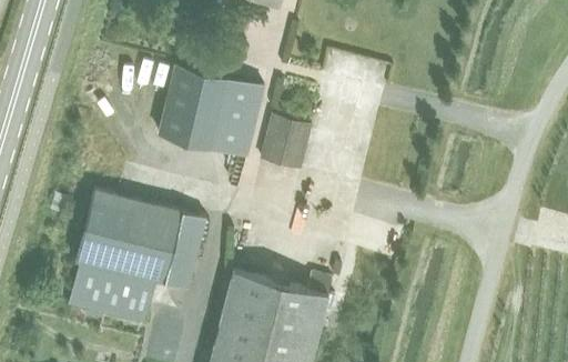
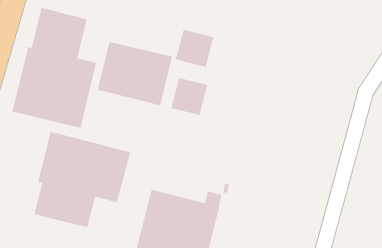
building: none -> [12,7,97,129]
building: none -> [175,29,214,68]

